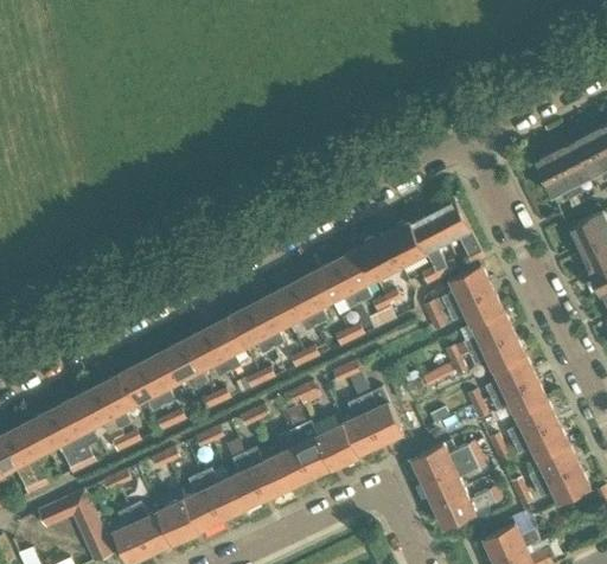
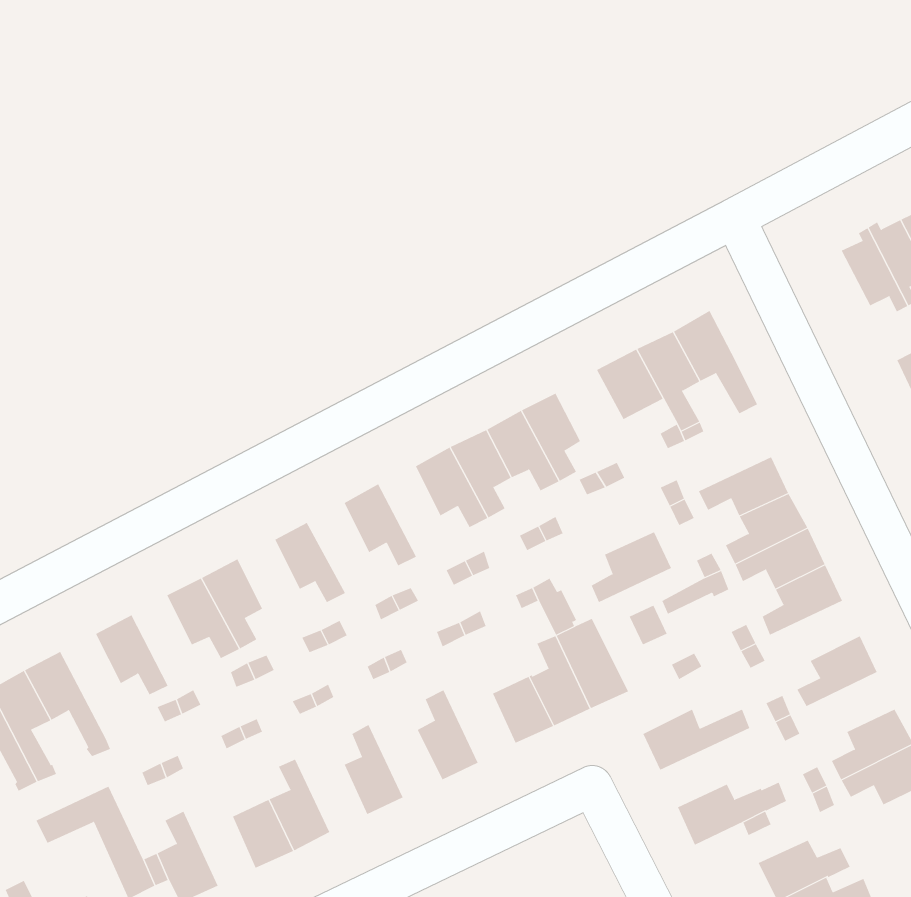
building: [359,235,401,278] -> none
building: [442,265,492,309] -> [591,531,672,603]
building: [250,294,288,350] -> none
building: [206,316,244,372] -> none
building: [164,339,209,390] -> none
building: [98,373,135,429] -> none
building: [491,377,547,414] -> none
building: [55,397,96,468] -> none
building: [513,421,568,457] -> none
building: [290,425,334,476] -> none
building: [244,447,289,498] -> none
building: [423,455,485,504] -> none
building: [199,468,243,519] -> none
building: [130,501,174,552] -> none

